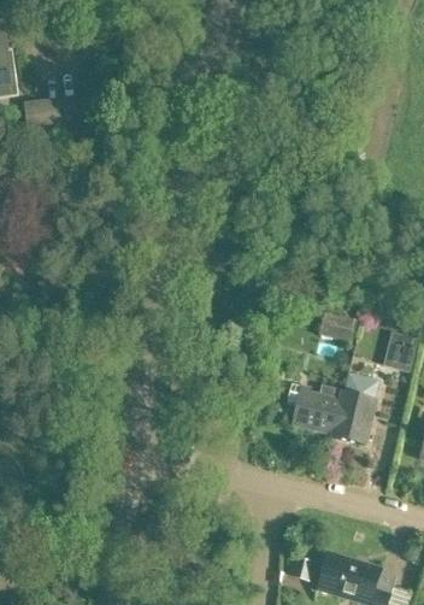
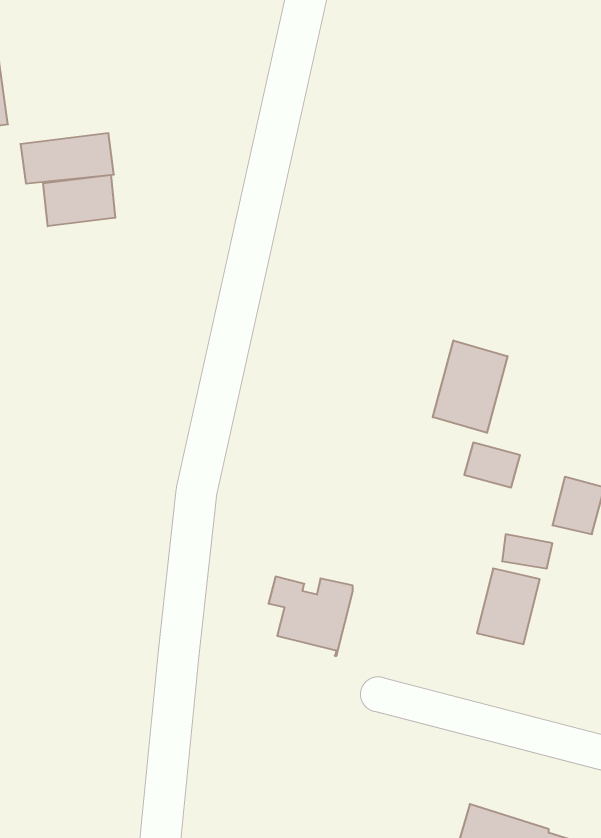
building: none -> [43,175,115,226]
building: none -> [433,340,508,433]
building: [287,383,343,436] -> [268,577,353,656]

